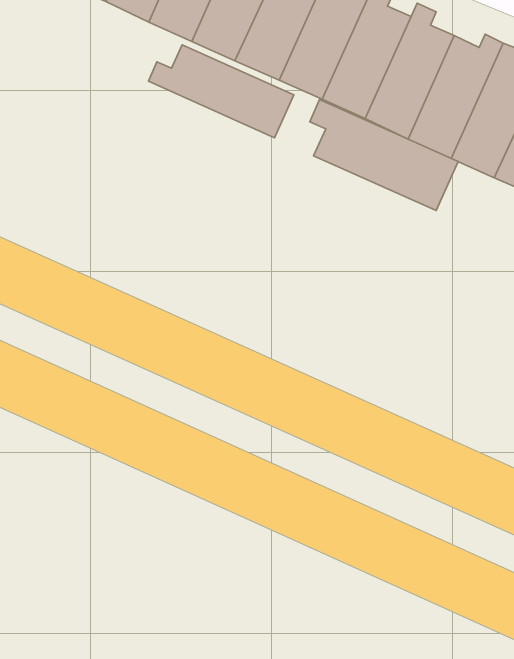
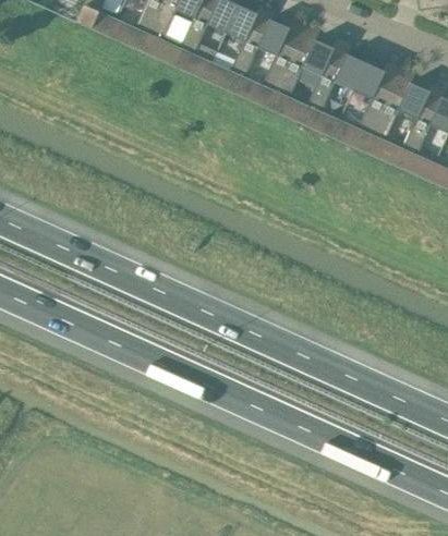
building: [148,45,294,138] -> none
building: [310,100,458,211] -> none

